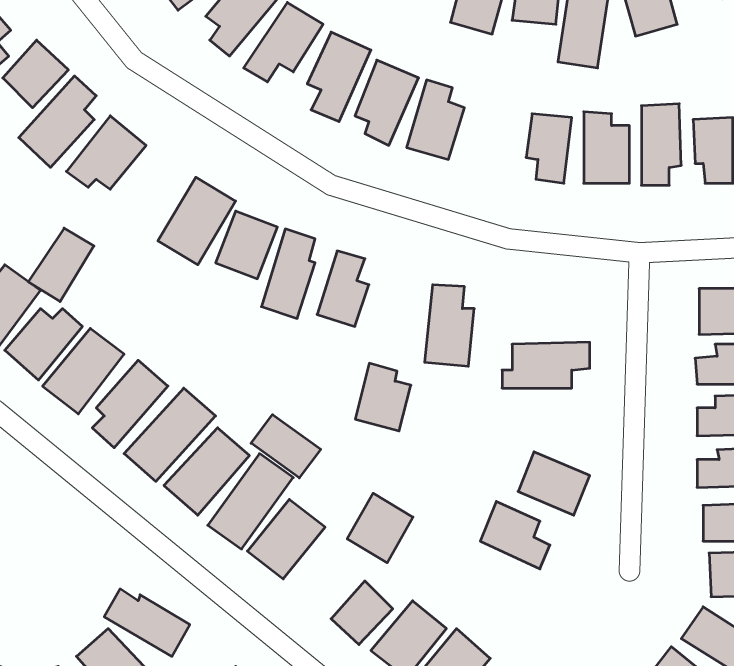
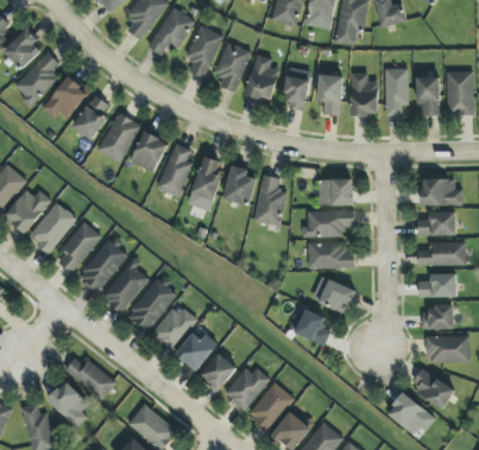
building: none -> [282,68,311,110]
building: [28,228,94,302] -> [73,95,112,139]
building: none -> [319,178,353,205]
building: [355,363,411,431] -> [223,165,257,205]
building: none -> [308,242,354,270]
building: [251,415,321,478] -> none
building: [347,493,413,563] -> [176,329,215,370]

